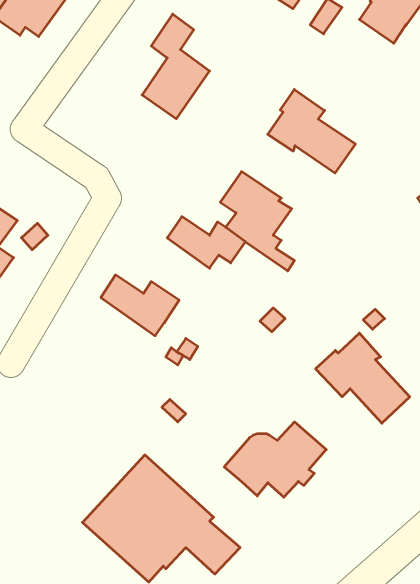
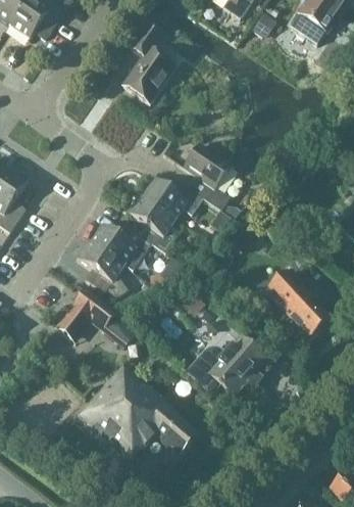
building: [268,89,355,173] -> none
building: none -> [131,194,179,251]
building: none -> [78,238,135,296]
building: none -> [57,287,141,347]

